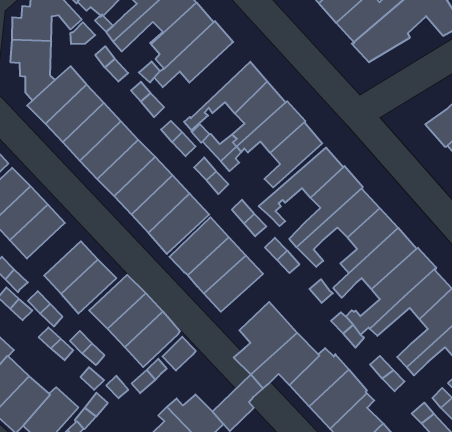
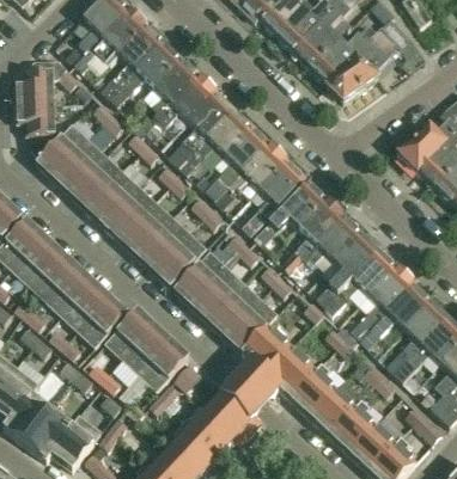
building: none -> [172,92,233,162]
building: none -> [43,265,91,314]
building: none -> [223,299,275,351]
building: none -> [205,376,254,426]

